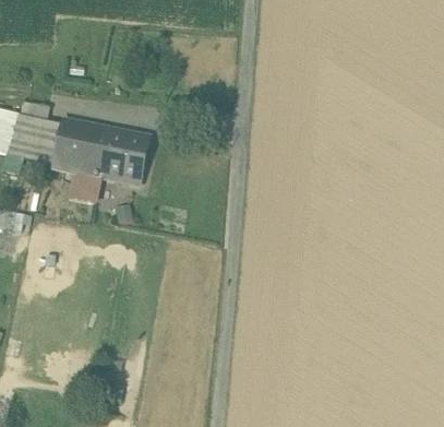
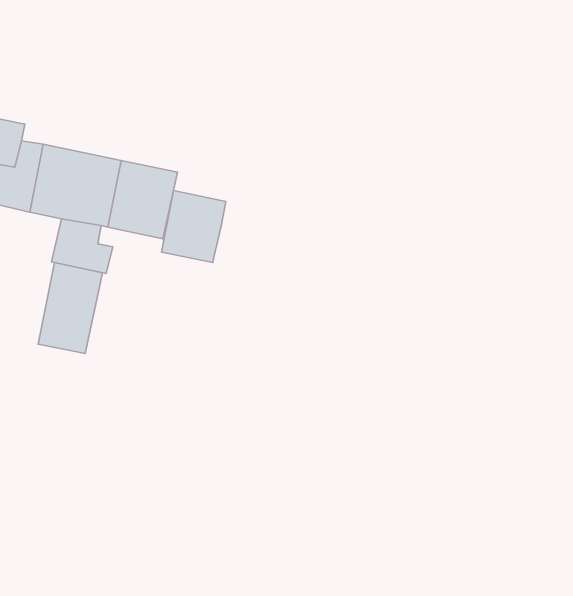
building: none -> [162,190,226,263]
building: none -> [38,263,103,354]

